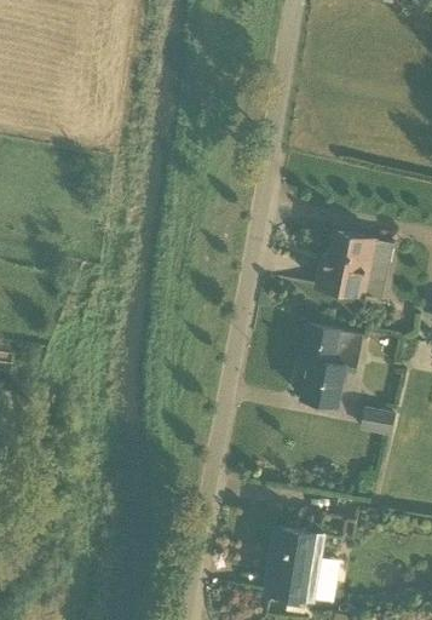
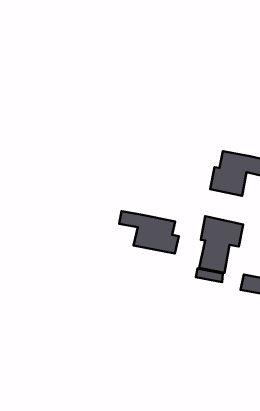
building: none -> [119,211,179,253]
building: [265,528,321,596] -> none

